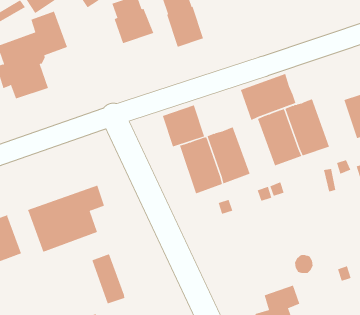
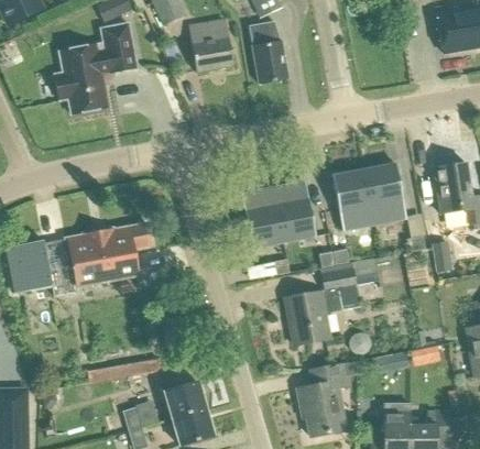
building: [240,73,297,121] -> none
building: [162,105,205,148] -> none
building: none -> [285,259,380,346]
building: [91,253,125,304] -> [44,238,75,293]

